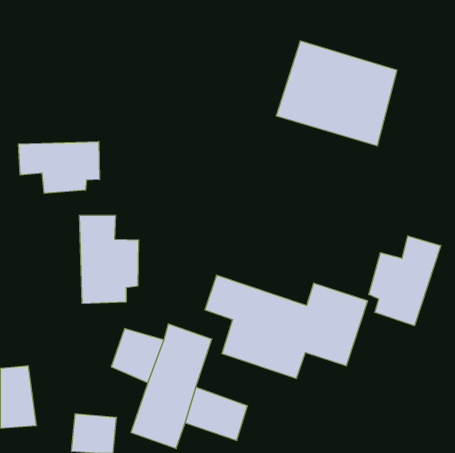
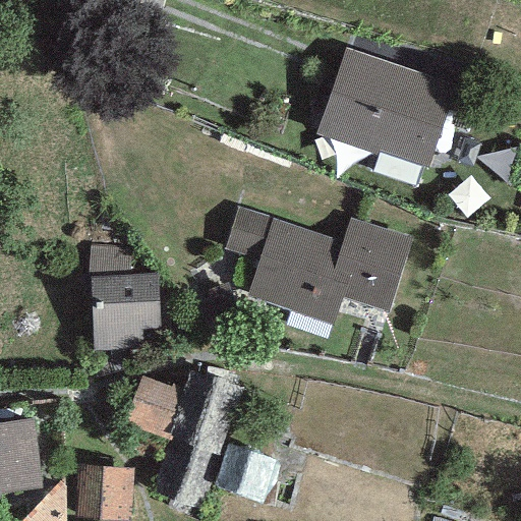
building: [18,141,100,193] -> none
building: [369,236,441,326] -> none
building: [205,275,368,378] -> [226,207,412,325]

